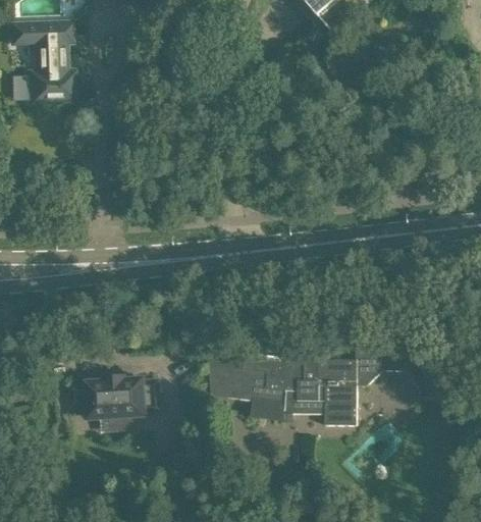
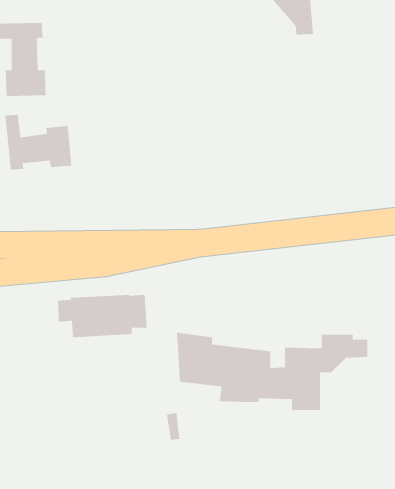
building: none -> [5,114,72,170]
building: [68,381,161,426] -> [57,294,147,338]

